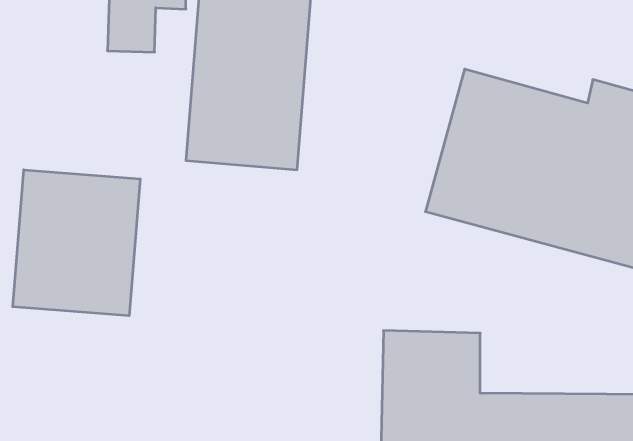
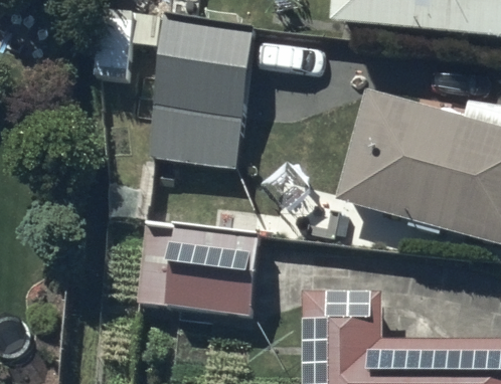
building: [13,170,140,316] -> none
building: none -> [139,227,259,314]

